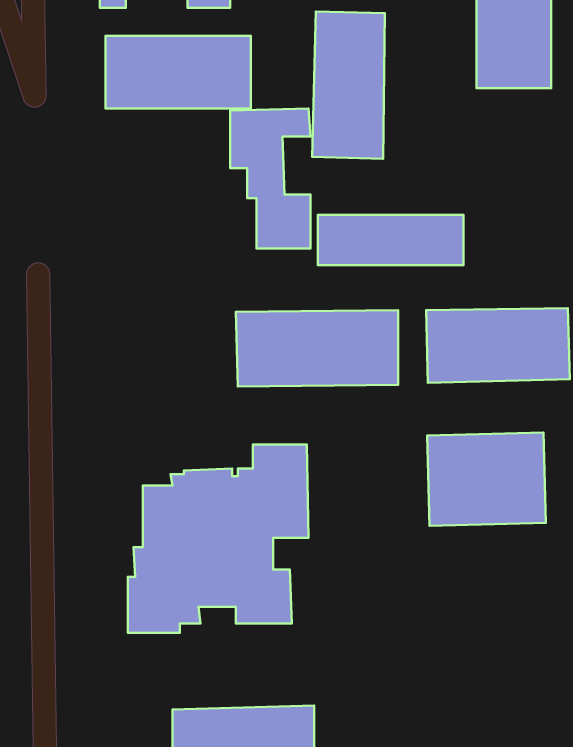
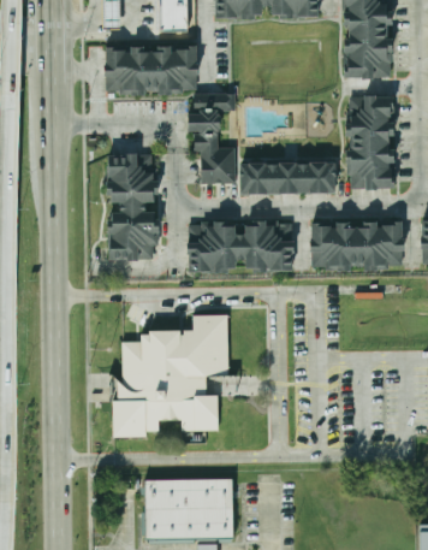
building: [312,11,385,159] -> [346,94,393,189]
building: none -> [107,153,155,259]
building: [427,432,546,526] -> none

